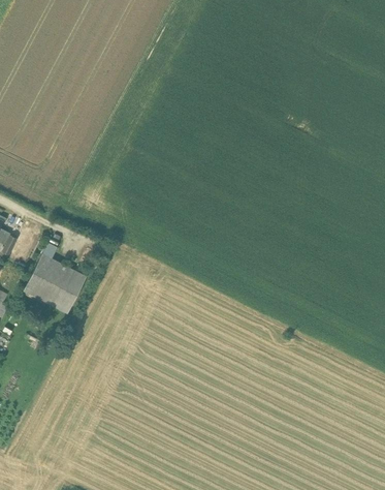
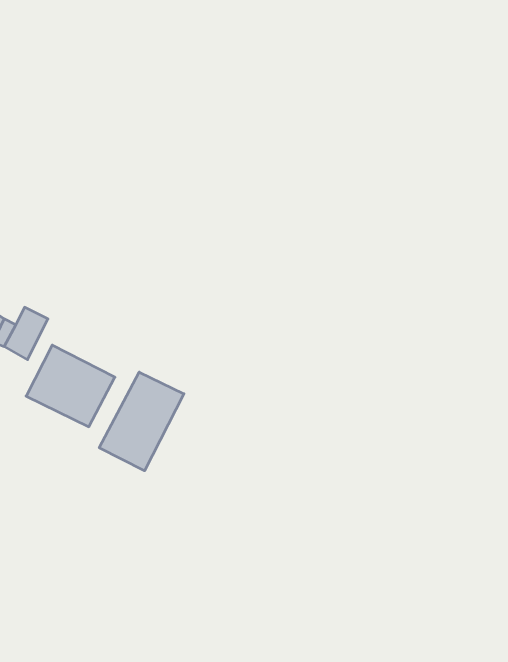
building: none -> [99,372,184,471]

